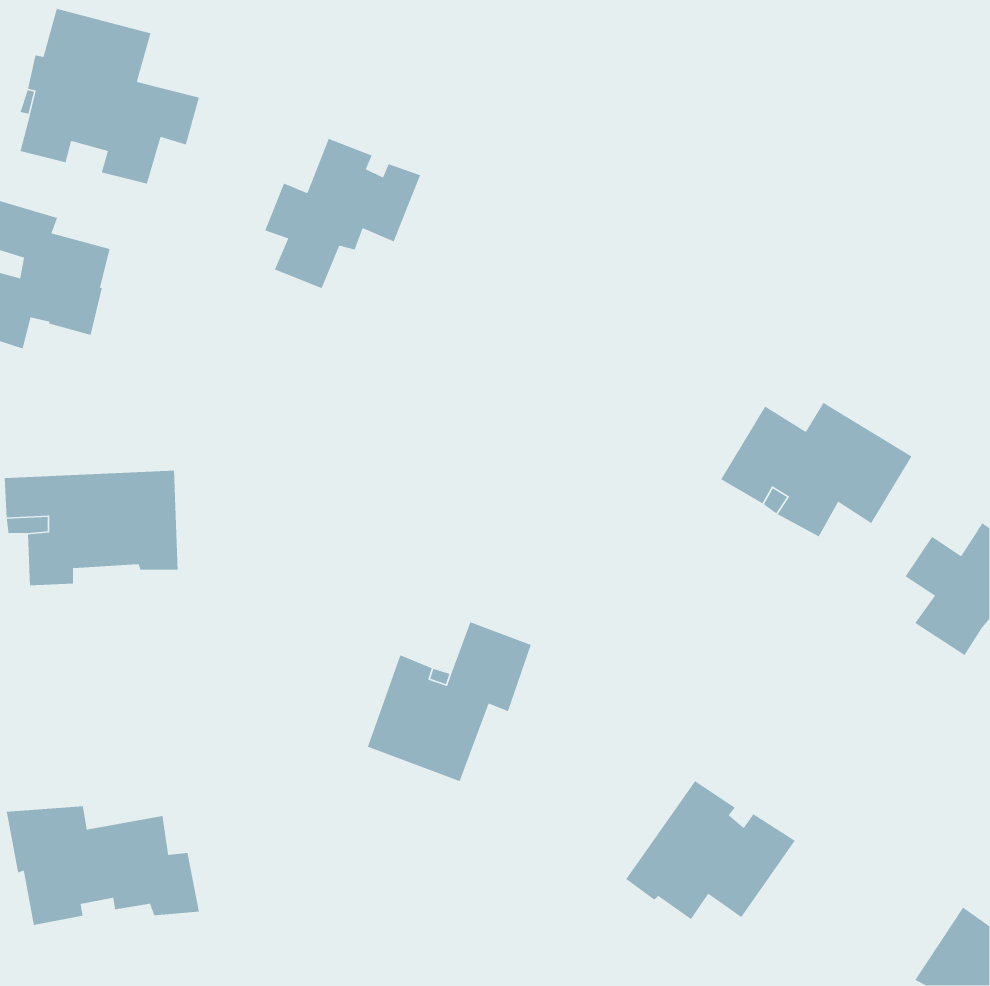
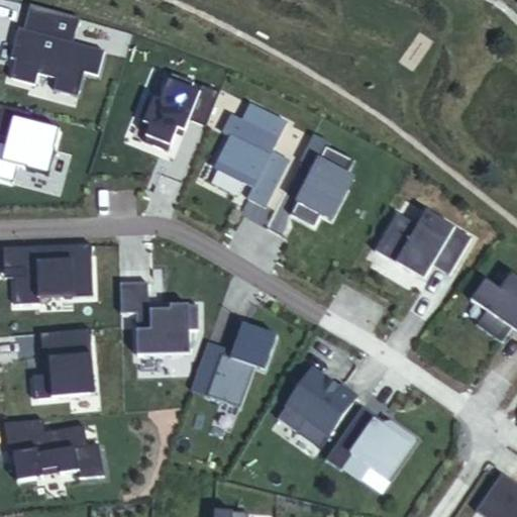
building: none -> [215,105,289,206]
building: none -> [290,135,352,226]
building: none -> [120,282,199,355]
building: none -> [32,328,95,399]
building: none -> [278,369,355,435]

